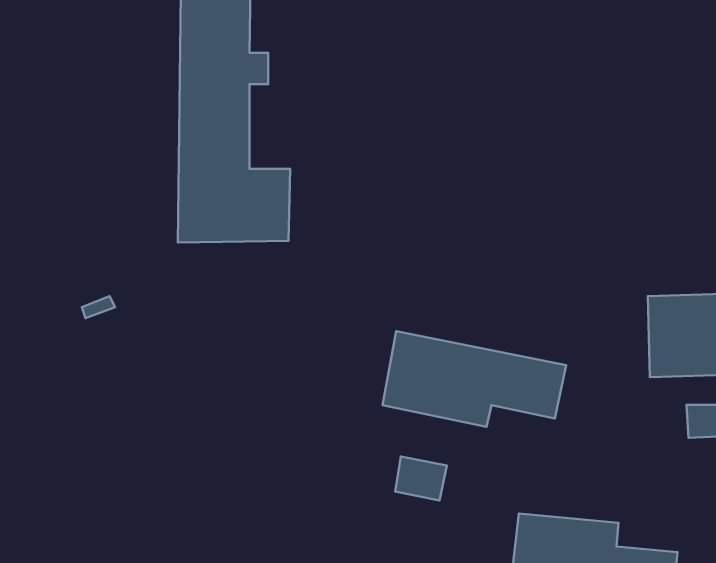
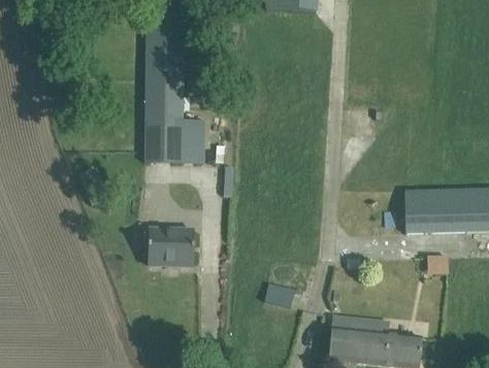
building: [382,331,566,427] -> none
building: none -> [148,227,194,266]

